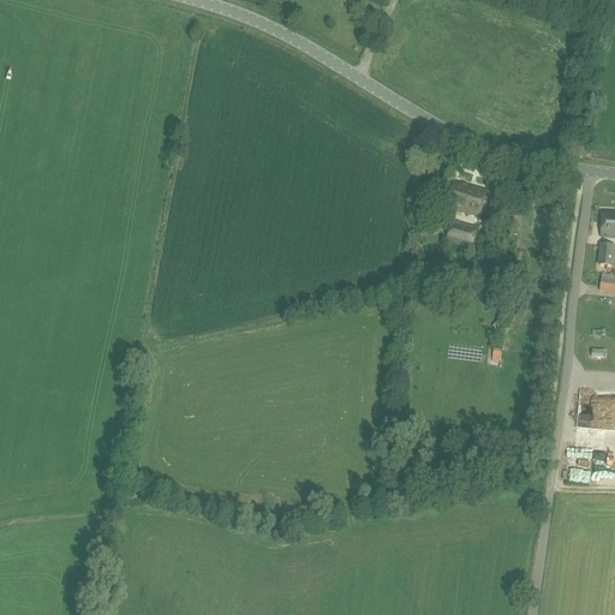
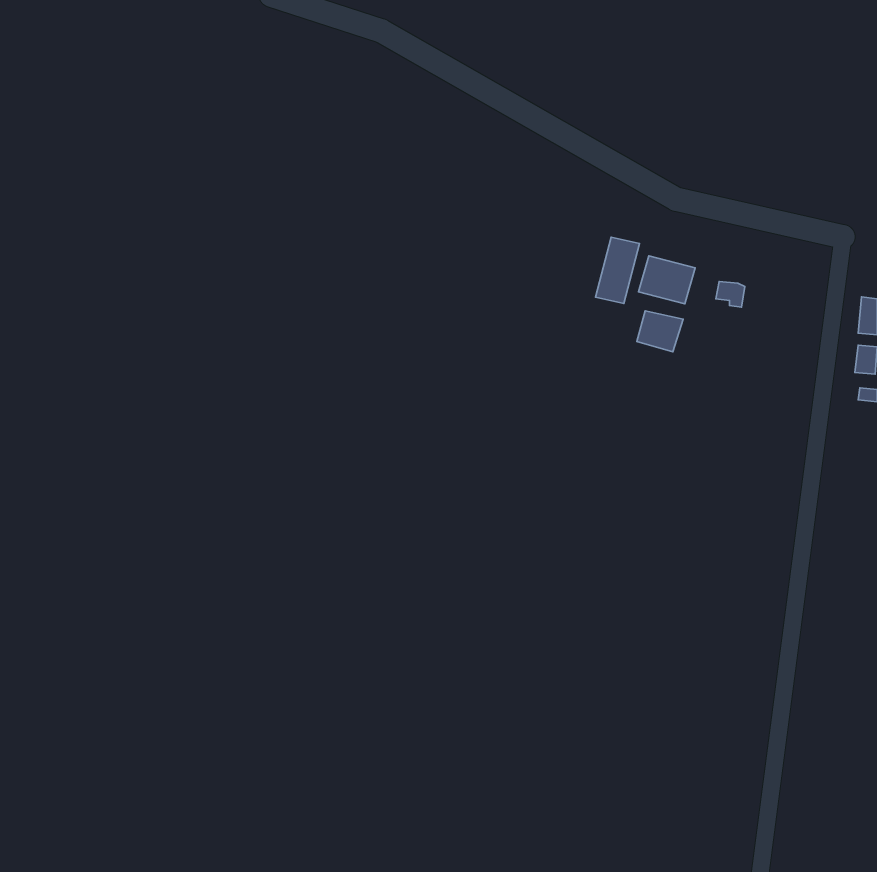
building: none -> [596,237,639,303]

